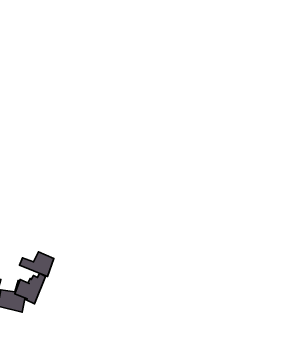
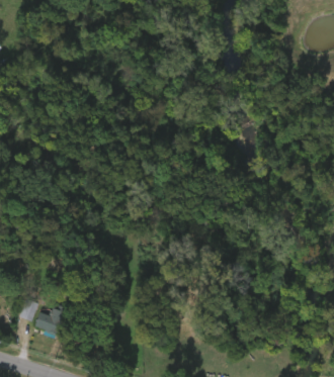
building: [20,252,54,277] -> none

